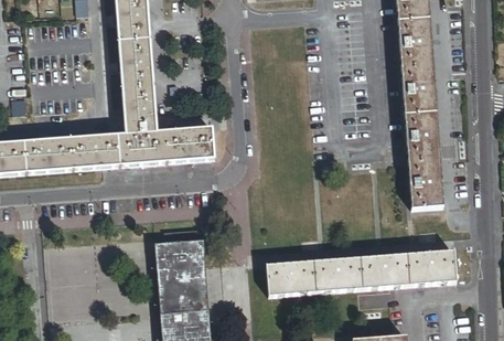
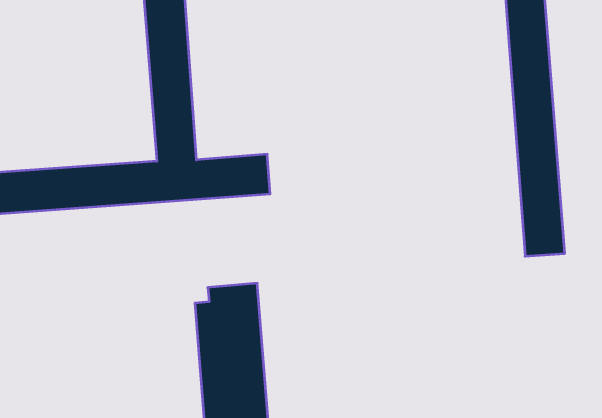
building: [266,251,455,295] -> none

